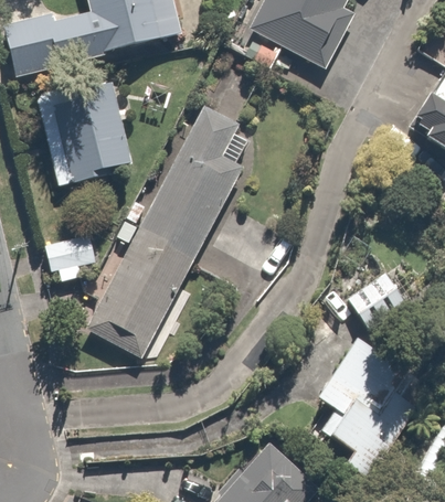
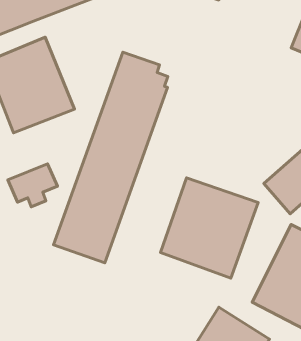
building: none -> [161,178,258,278]

